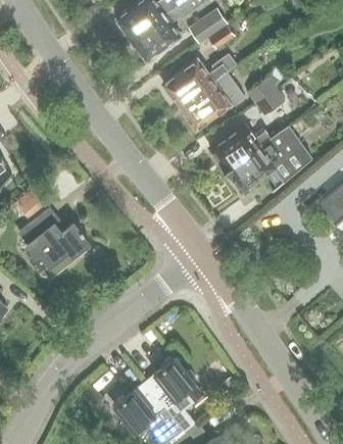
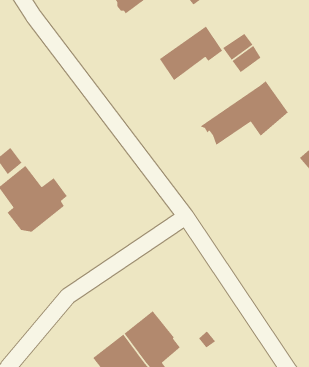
building: [165,51,239,103] -> none
building: [208,119,283,171] -> none

